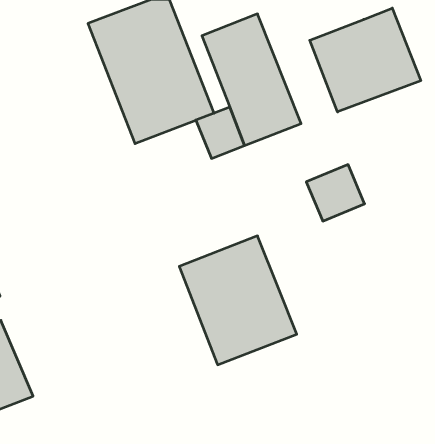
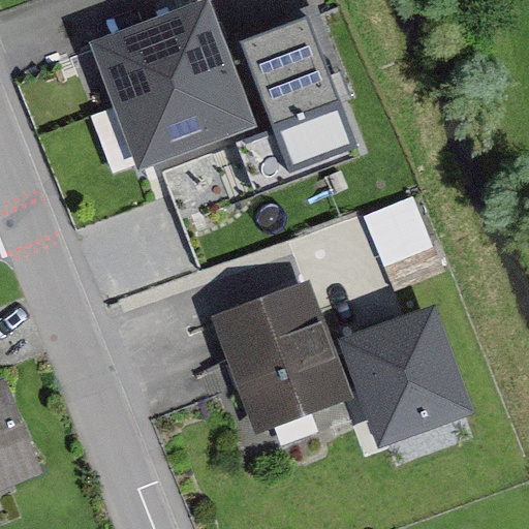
building: [310,8,421,112] -> none
building: none -> [331,304,471,452]

